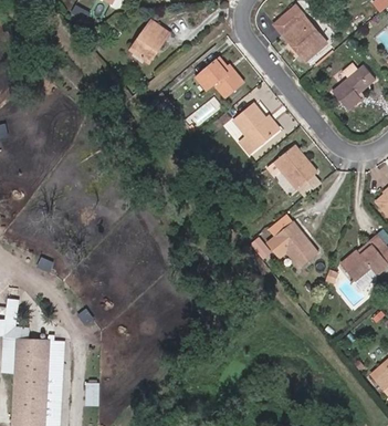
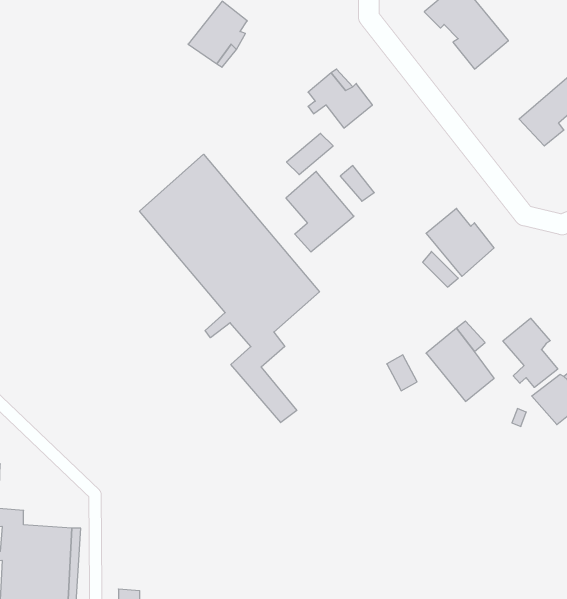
building: [234,103,276,153] -> [286,171,354,252]
building: none -> [140,154,319,423]
building: none -> [503,318,558,387]

